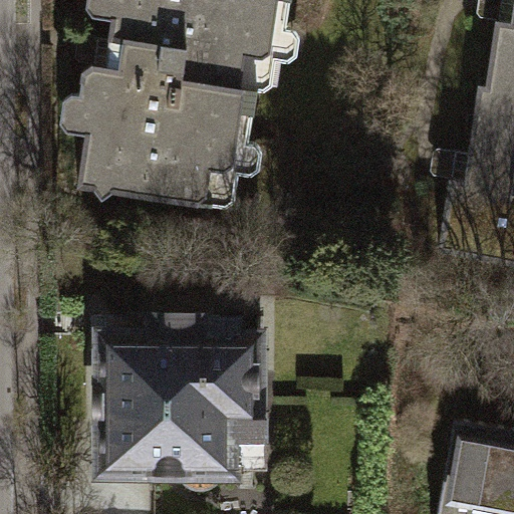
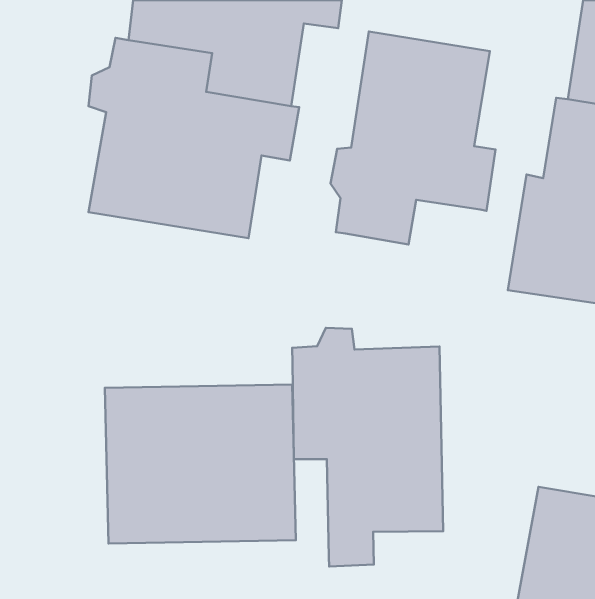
building: none -> [330,32,496,244]
building: none -> [292,328,443,566]

